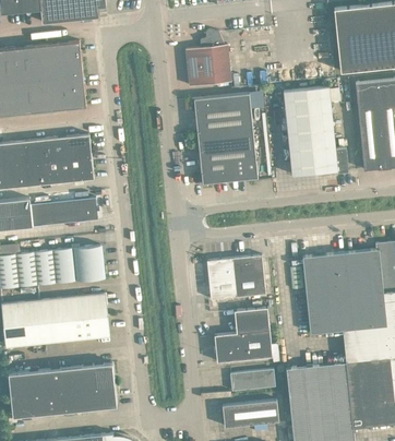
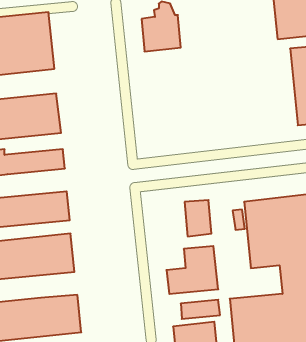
building: [284,86,348,176] -> none
building: [191,94,258,187] -> none
building: [206,258,238,300] -> none

